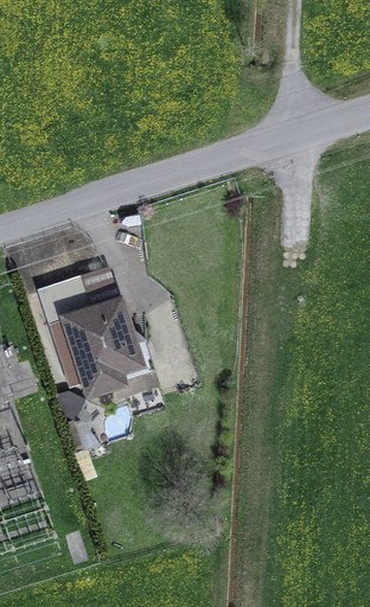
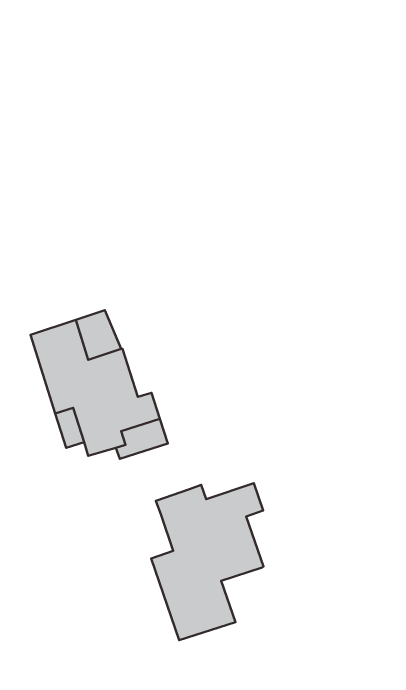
building: none -> [151,483,263,640]

